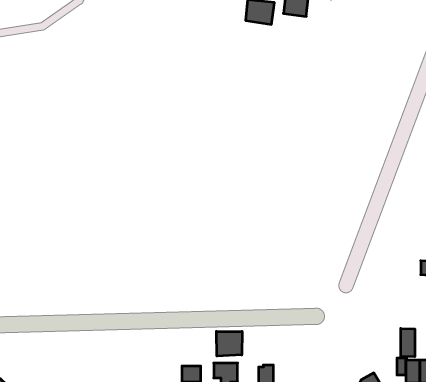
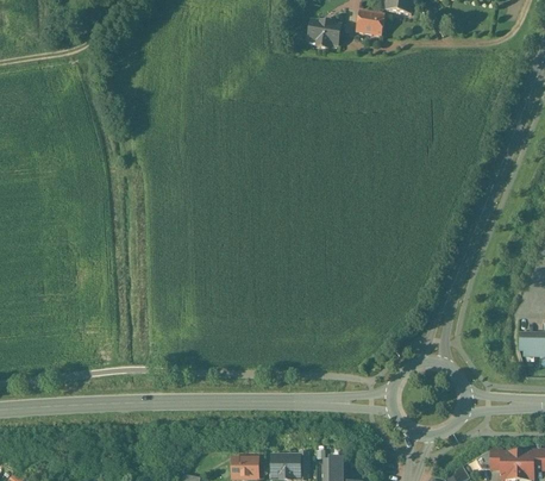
building: [401,328,415,357] -> none
building: [216,331,242,356] -> none

